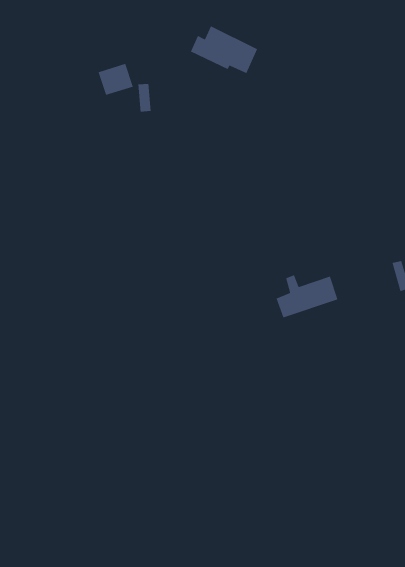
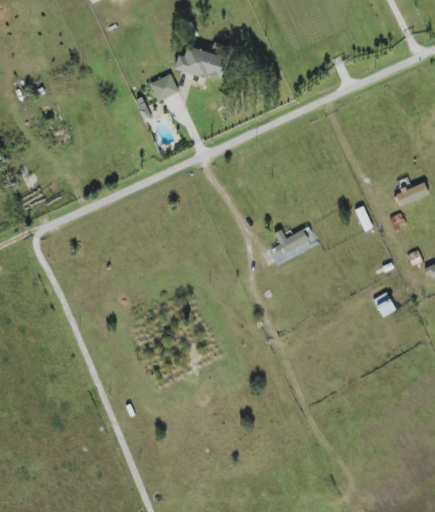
building: [98,63,134,96] -> [149,73,179,101]

